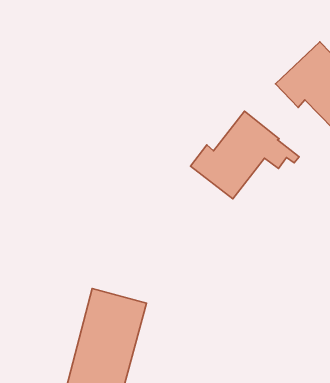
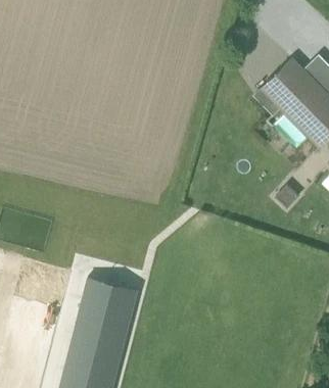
building: [191,111,299,199] -> none

